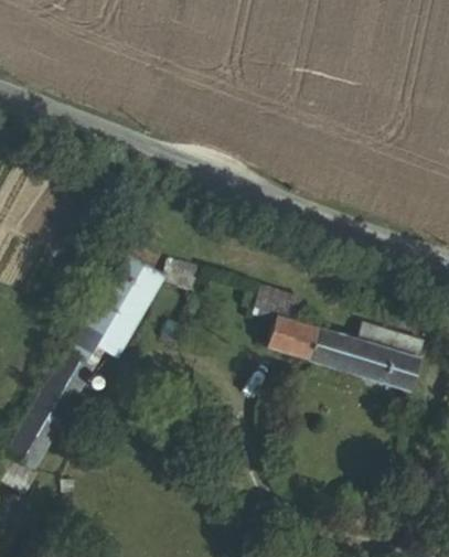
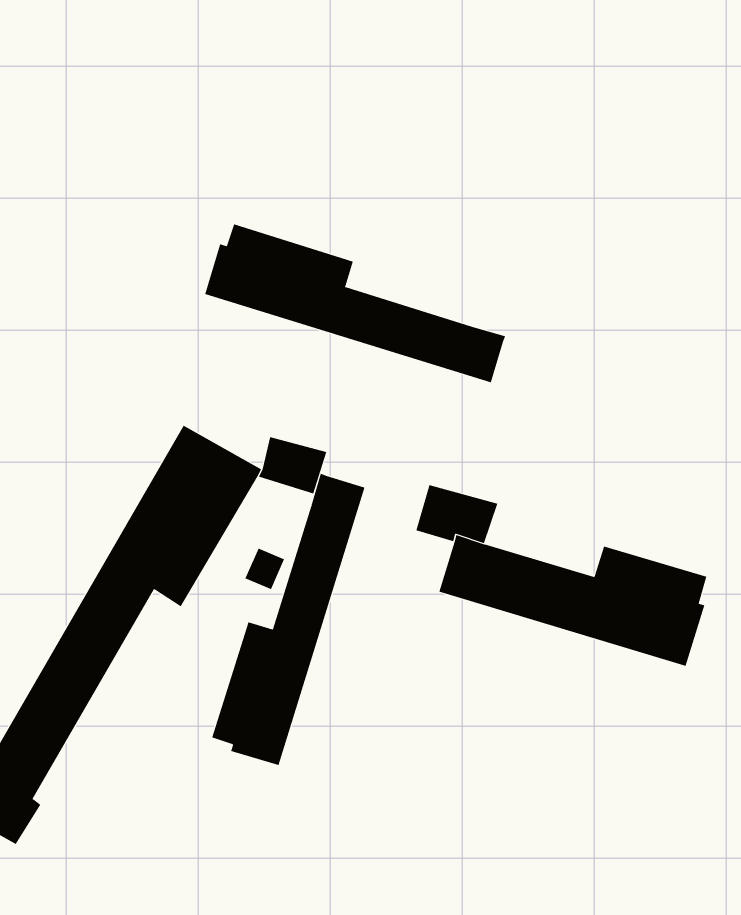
building: none -> [205,224,506,383]
building: none -> [212,473,365,766]

